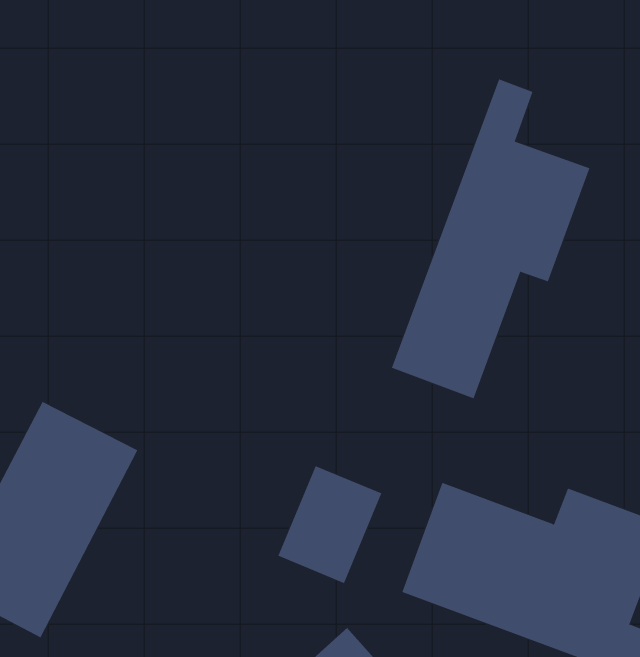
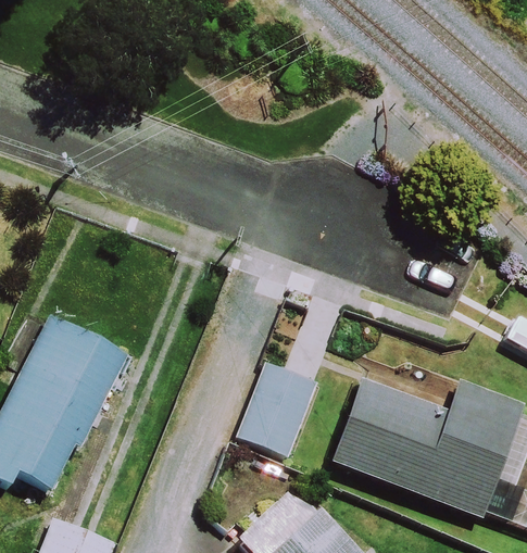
building: [391,78,590,399] -> none

